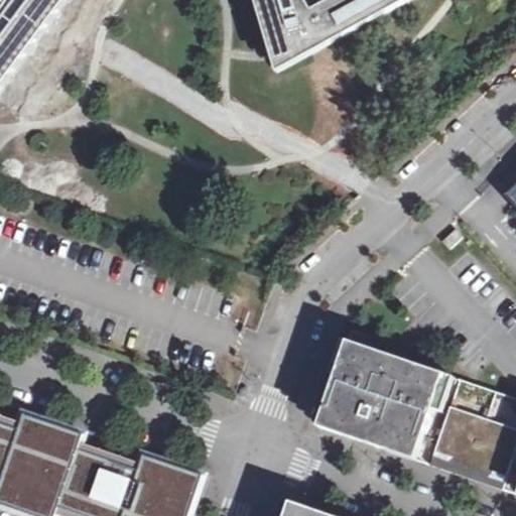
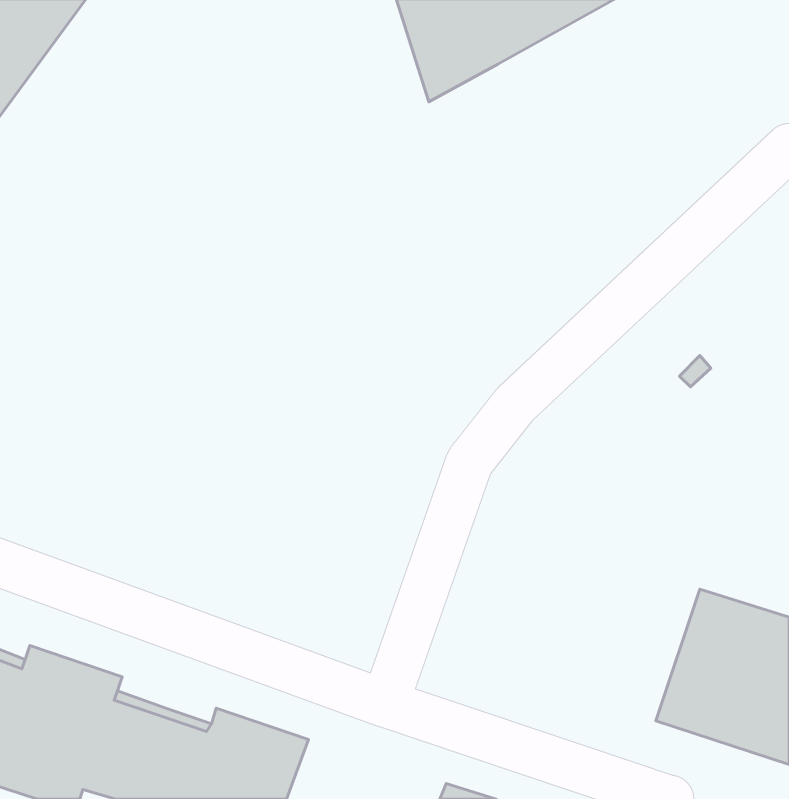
building: [311,330,455,464] -> none

